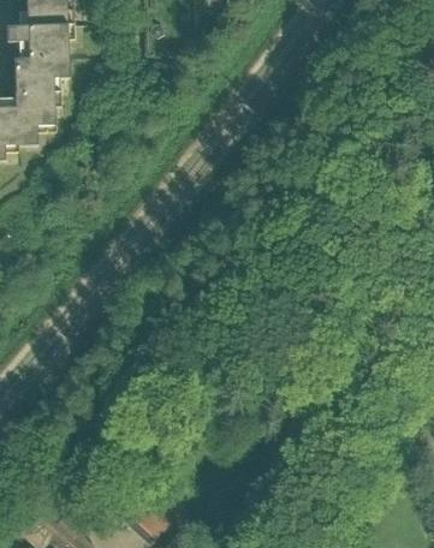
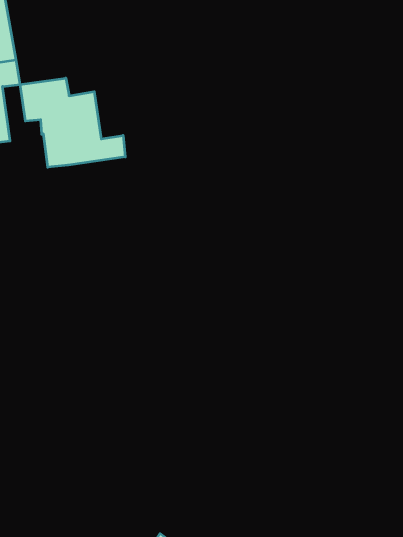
building: none -> [20,78,125,167]

